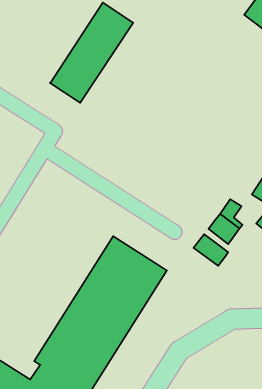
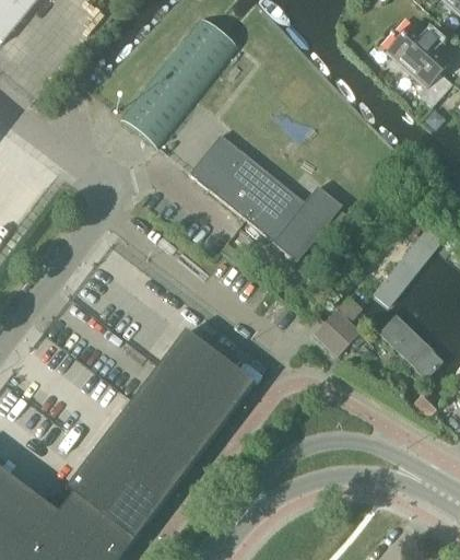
building: none -> [188,133,341,260]
building: [194,234,228,266] -> none

